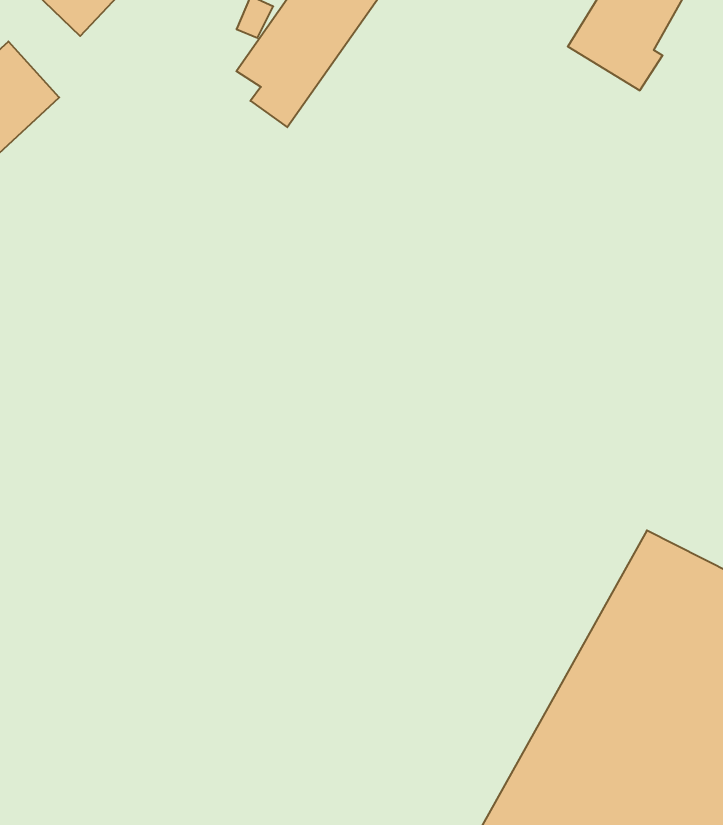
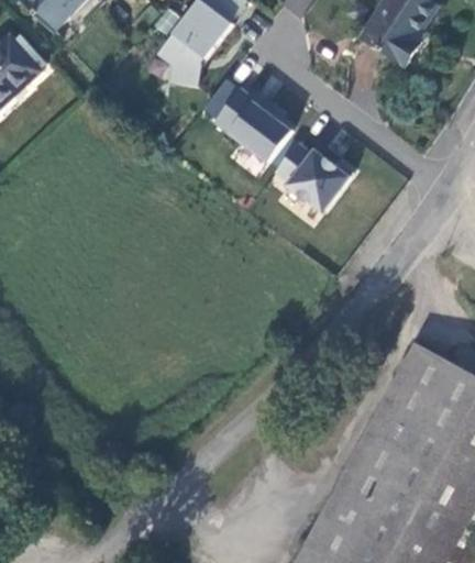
building: none -> [199,80,294,162]
building: none -> [267,135,354,219]

